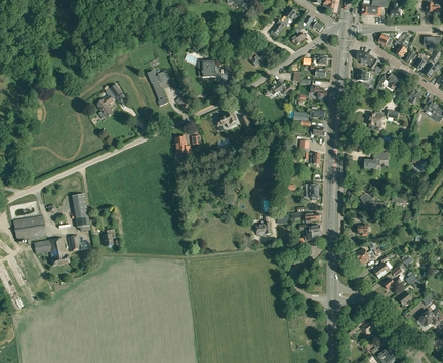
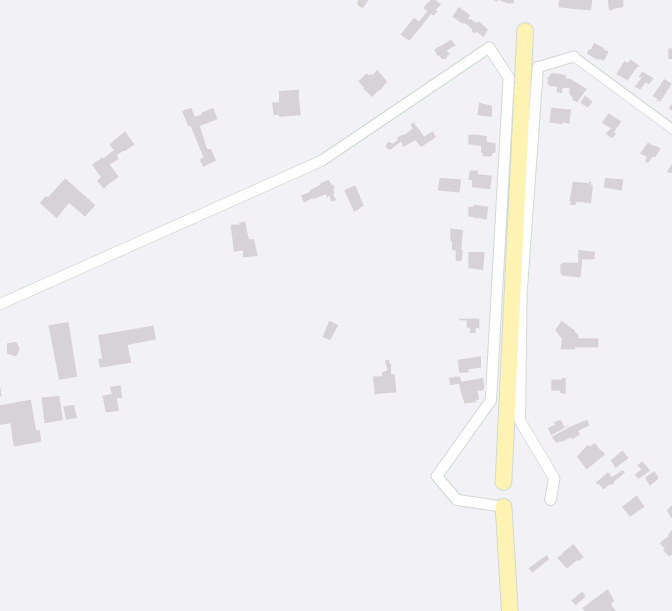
building: none -> [39,177,96,219]
building: none -> [97,325,157,368]

